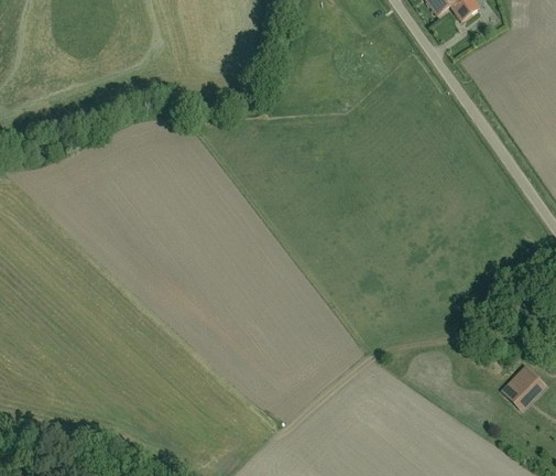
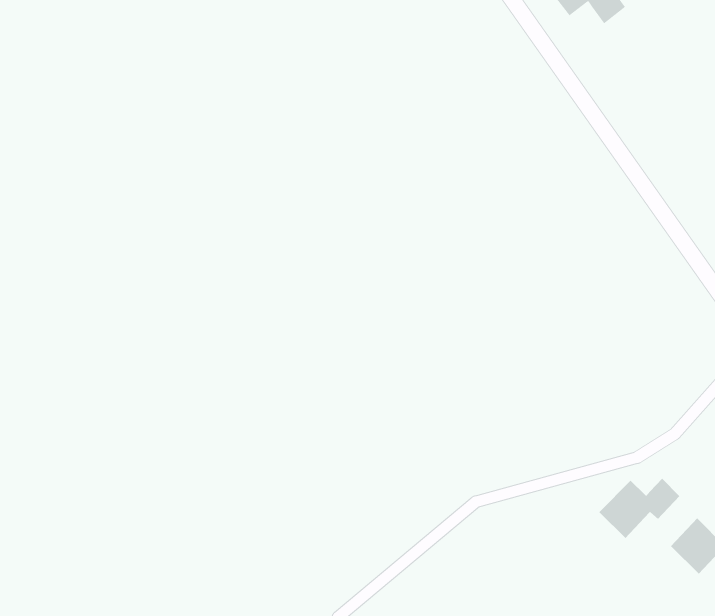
building: none -> [598,478,680,539]

